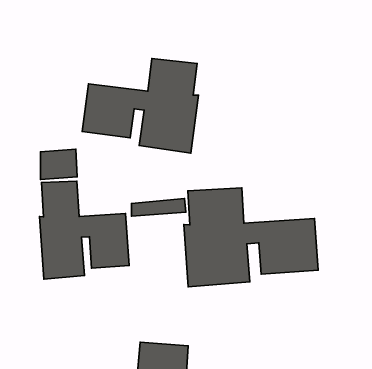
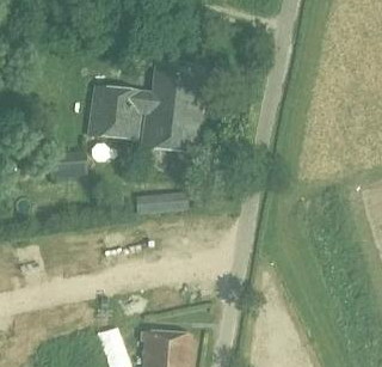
building: [40,181,129,279] -> none
building: [184,188,318,287] -> none

